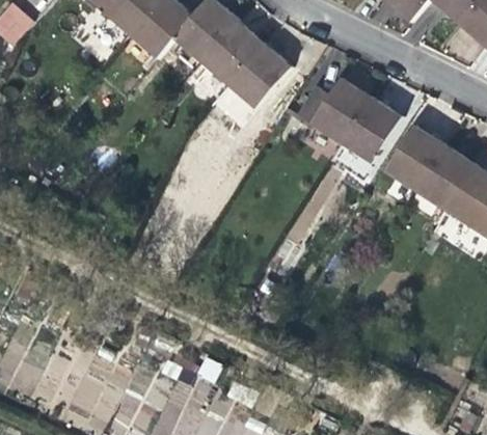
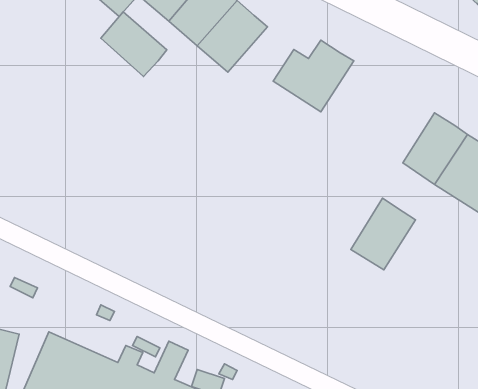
building: none -> [101,12,167,76]
building: [340,97,400,163] -> none
building: [384,125,443,190] -> [351,198,416,270]

